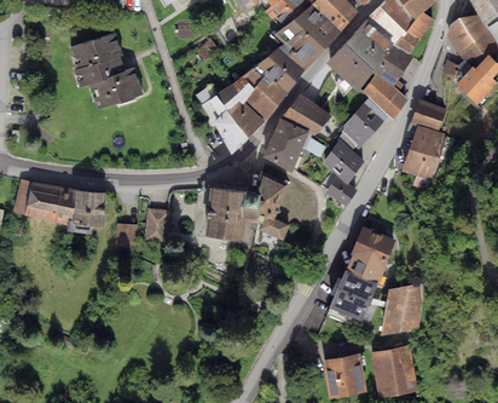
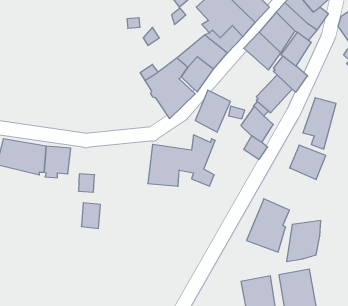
building: [70,33,141,108] -> none
building: [279,94,329,136] -> none
building: [410,99,446,132] -> none
building: [144,208,168,241] -> [81,203,100,228]
building: [349,226,395,270] -> [290,145,326,179]

